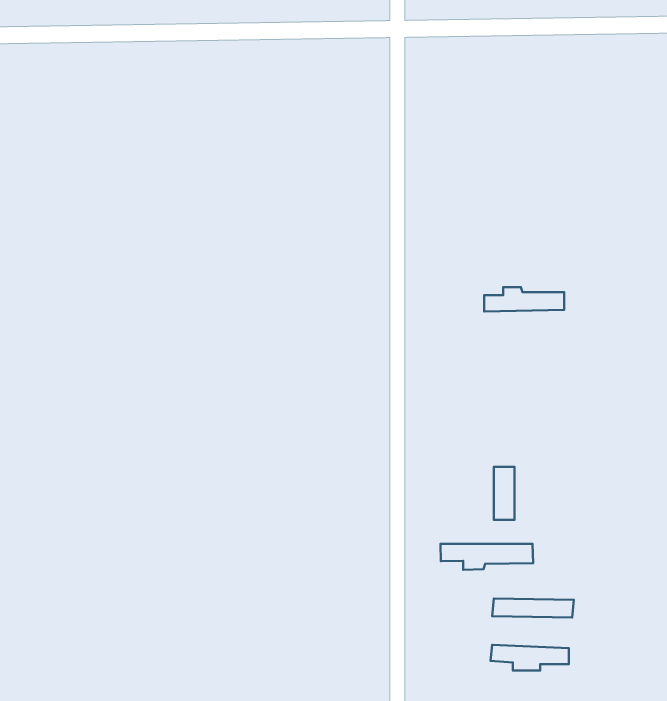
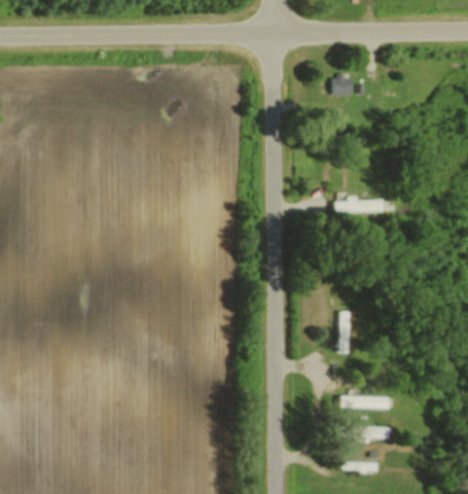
building: none -> [331,76,353,96]
building: [441,544,533,570] -> none

